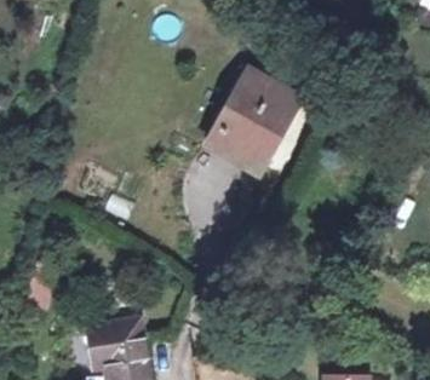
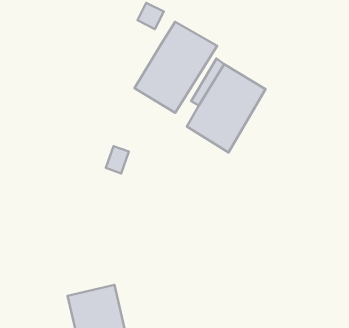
building: none -> [134,22,217,113]

